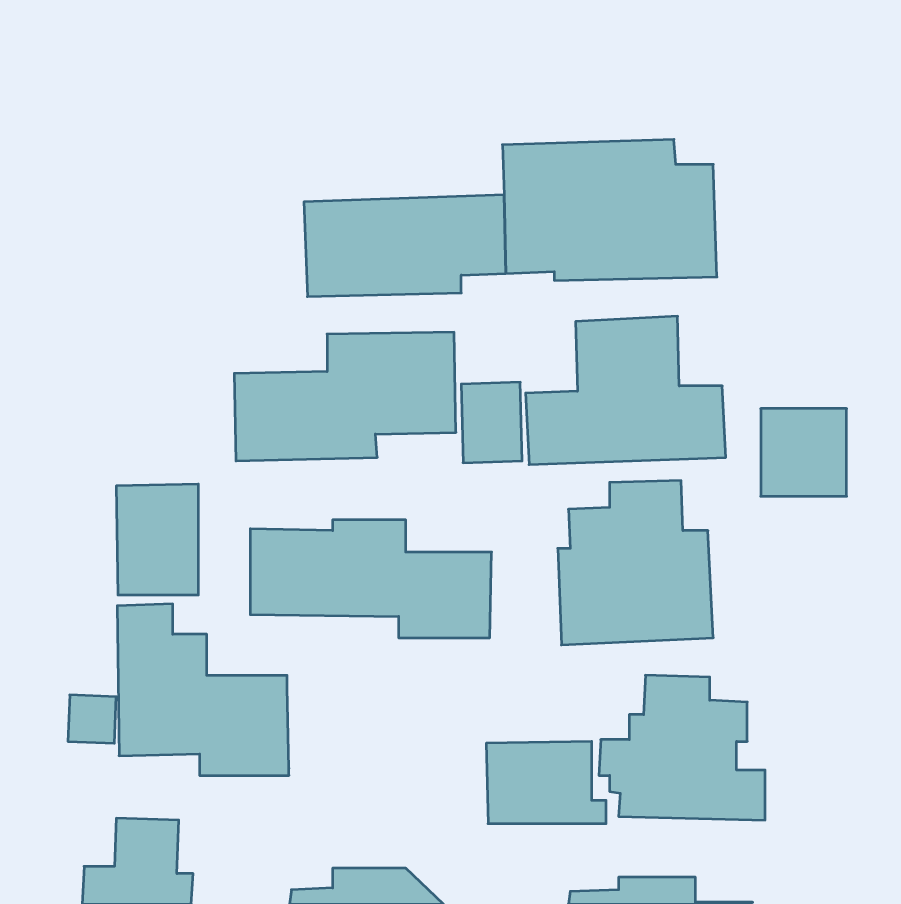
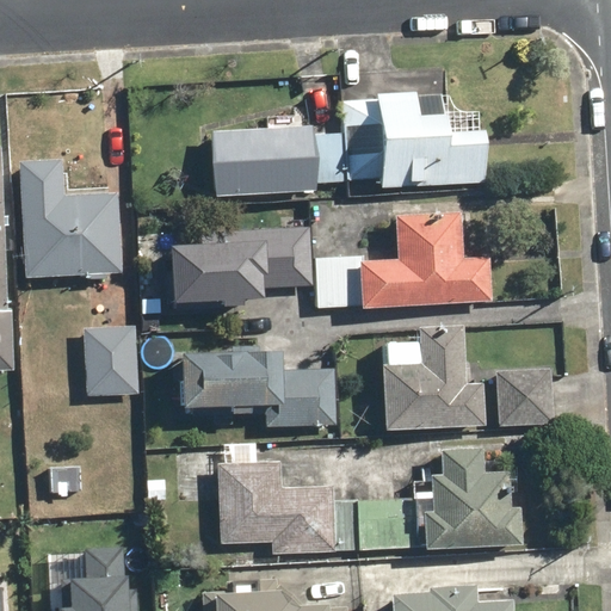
building: none -> [17,158,124,279]
building: [761,409,847,496] -> [495,368,553,426]
building: [117,604,289,775] -> [220,440,334,555]

